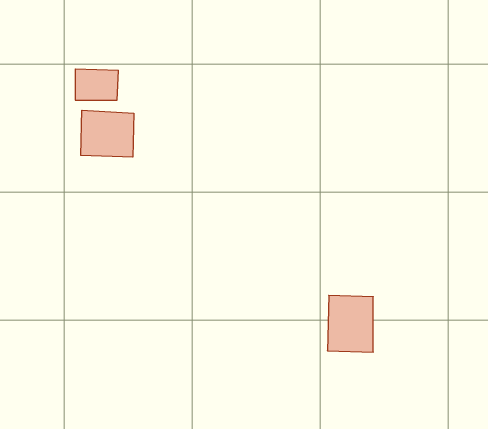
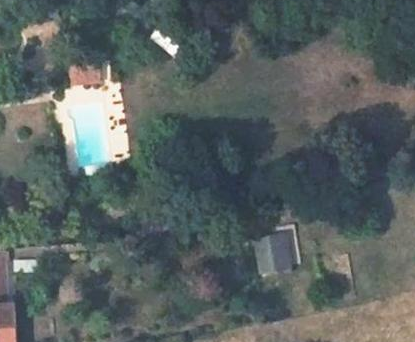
building: [81,110,134,157] -> none

